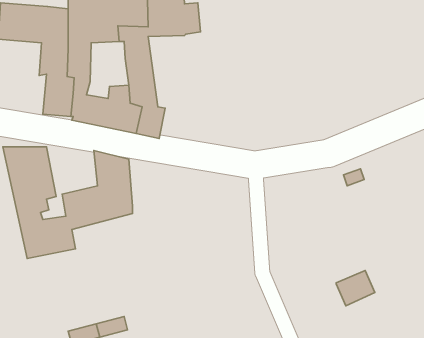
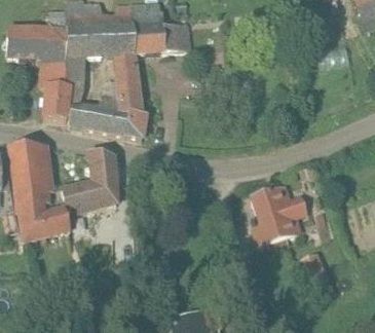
building: none -> [250,186,304,244]

